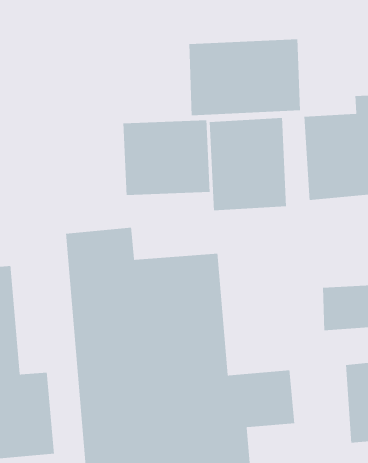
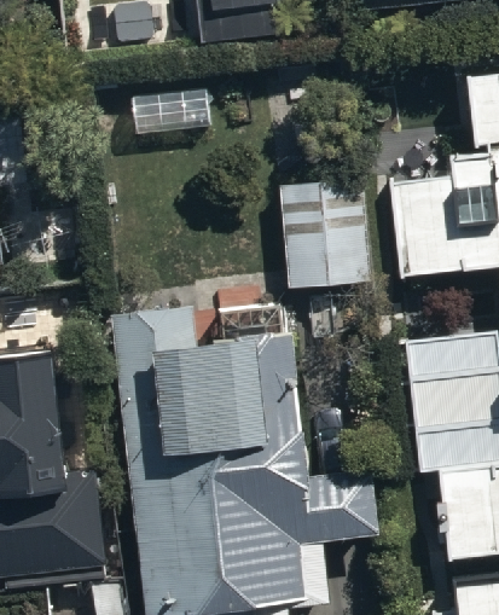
building: [188,38,301,116] -> none
building: [123,120,211,196] -> none

